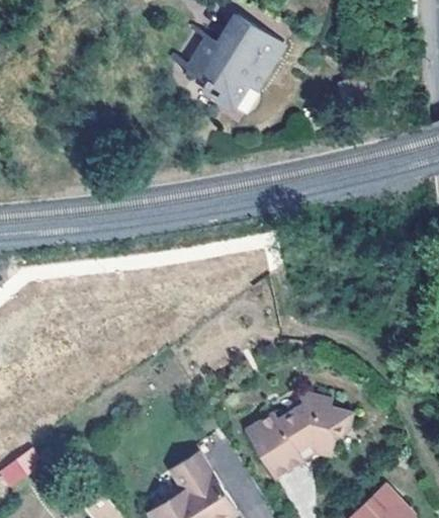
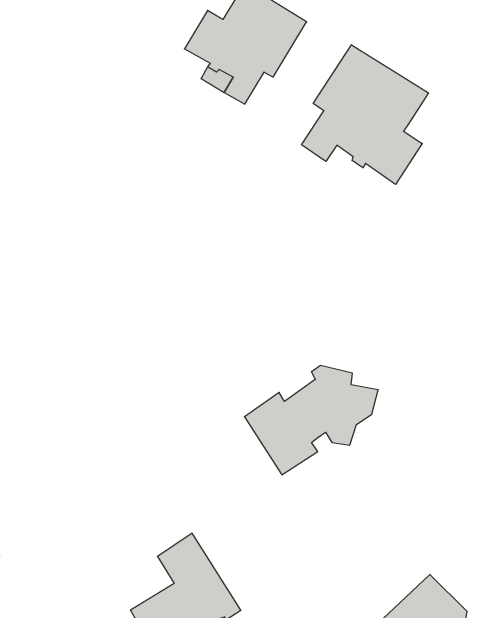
building: none -> [302,45,428,184]
building: [244,391,349,477] -> [244,365,378,475]

